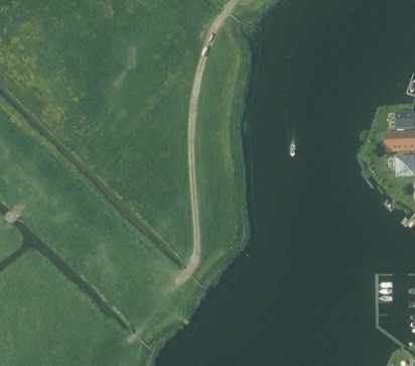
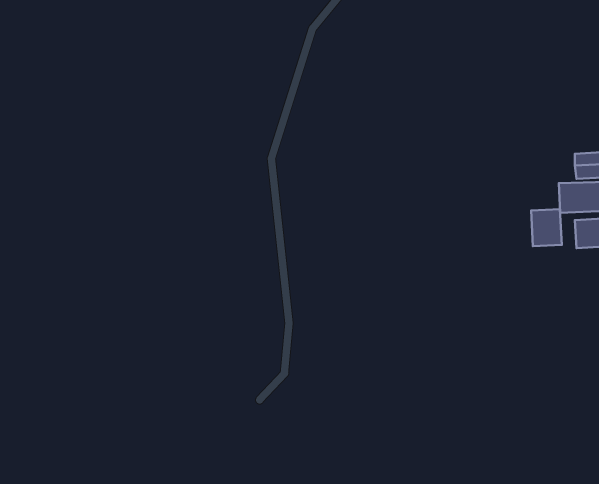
building: none -> [531,209,562,246]

